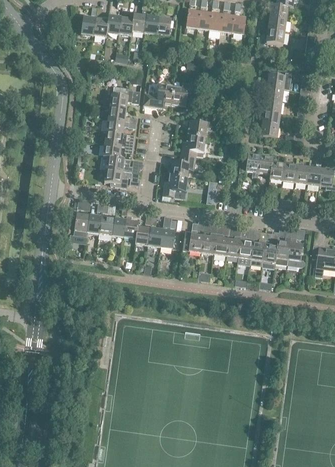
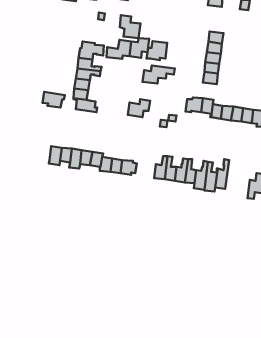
building: none -> [120,15,141,38]
building: [180,134,205,157] -> [147,41,167,60]
building: [104,167,131,186] -> [43,92,65,108]
building: [162,174,187,197] -> none
building: [183,221,203,251] -> none
building: [287,229,304,265] -> none

